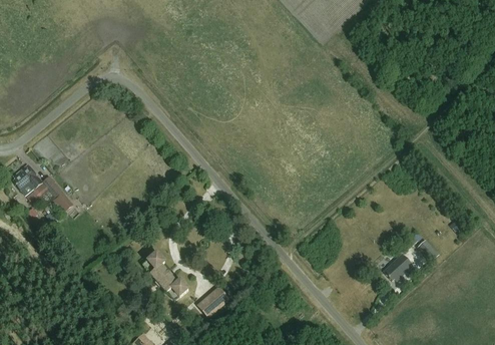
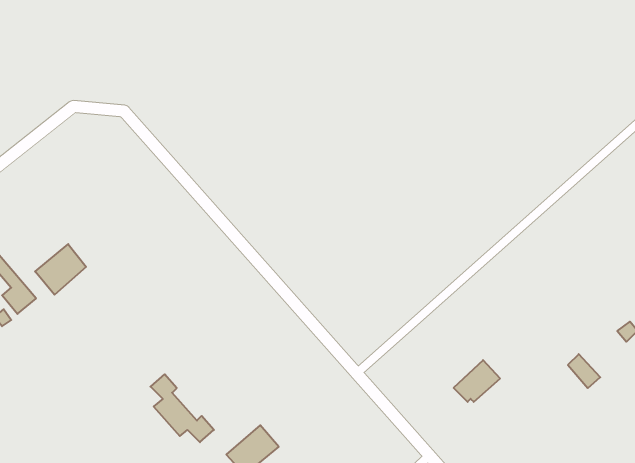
building: none -> [35,244,86,295]
building: [383,253,413,280] -> [454,360,500,402]

